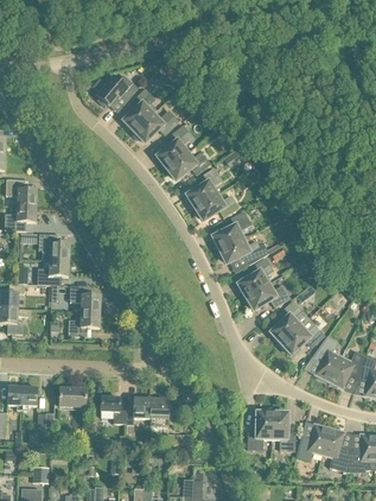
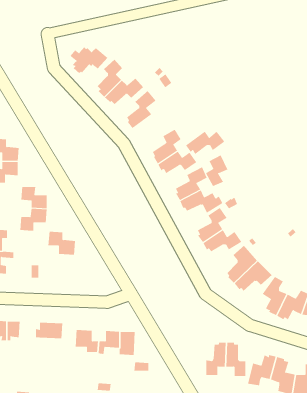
building: [165,151,210,178] -> [185,131,225,155]
building: none -> [205,155,228,187]
building: [68,310,100,335] -> none

